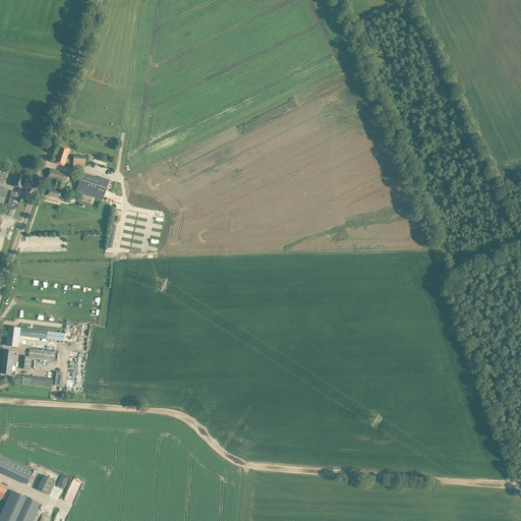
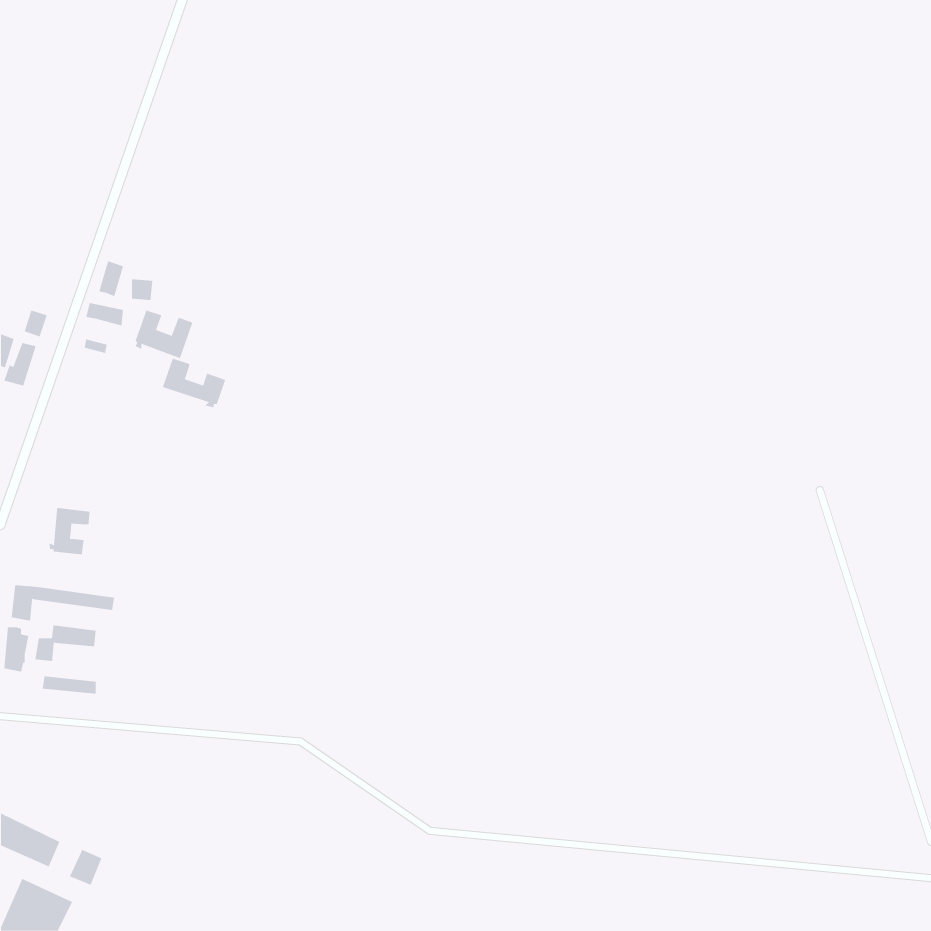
building: none -> [162,358,226,408]
building: none -> [49,507,90,555]

